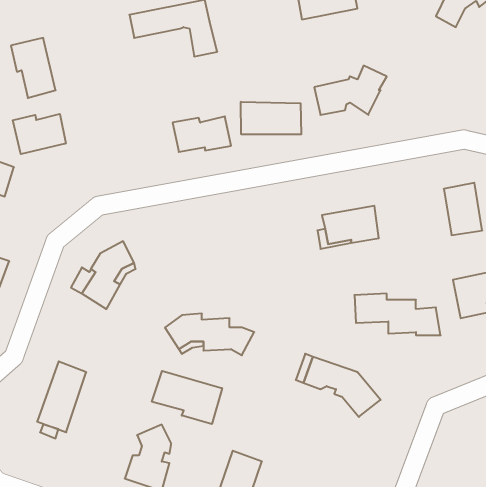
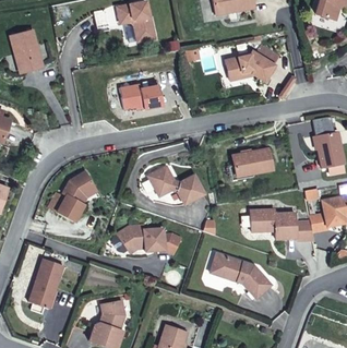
building: [241,102,301,134] -> none
building: [13,114,66,154] -> none
building: none -> [148,166,205,205]
building: [152,371,222,424] -> none

